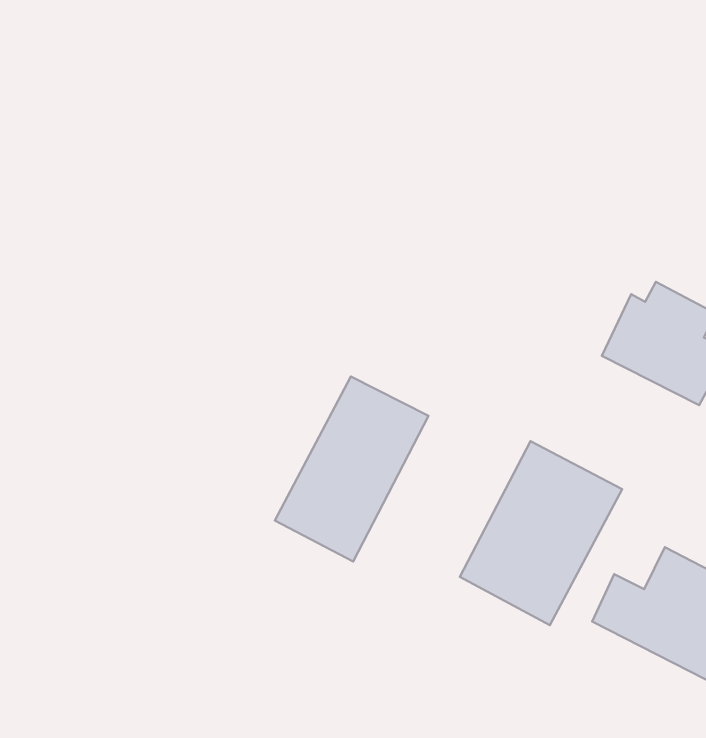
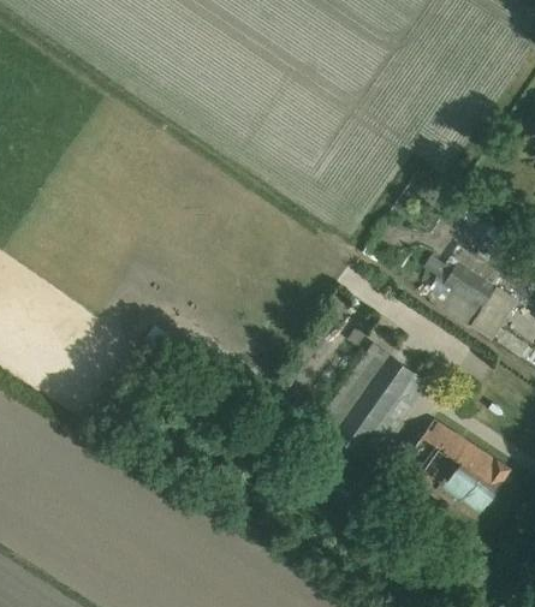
building: [275,376,428,562] -> none

